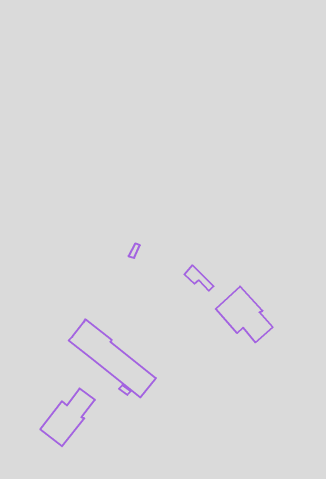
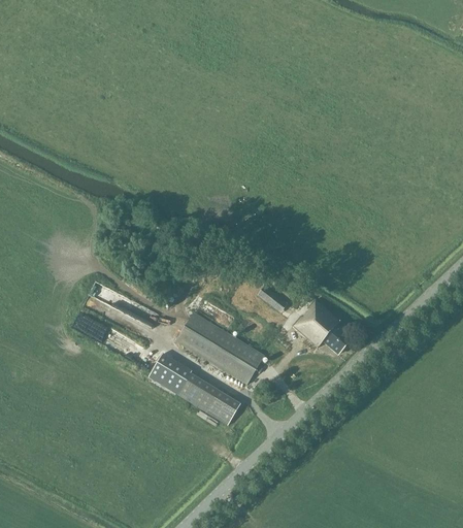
building: none -> [175,311,264,384]
building: [40,388,95,446] -> none

